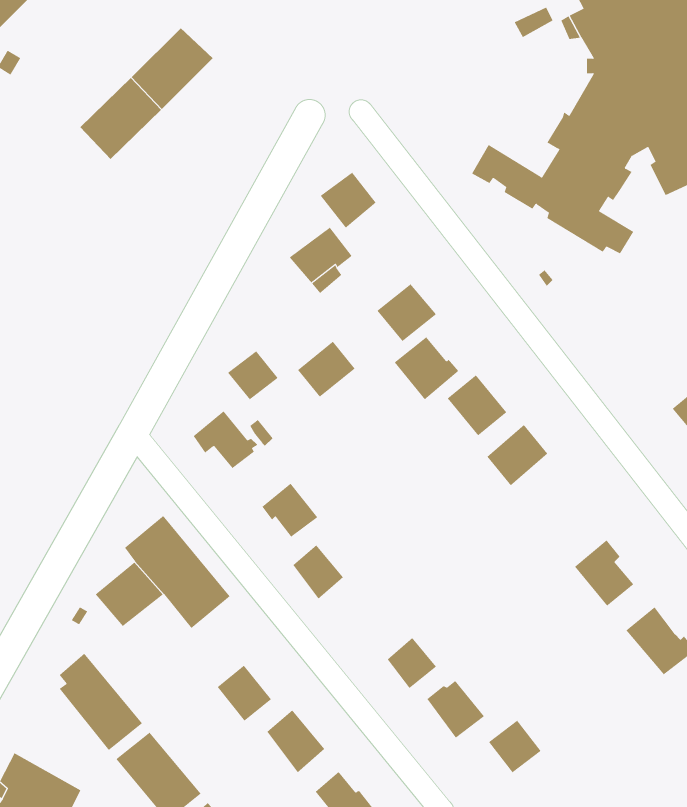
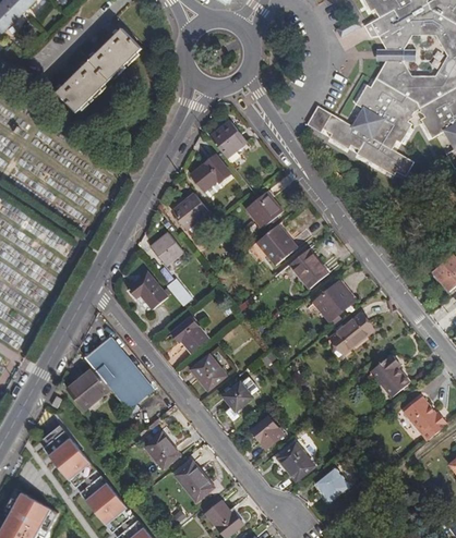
building: [297,341,356,398] -> [172,194,209,230]
building: none -> [331,314,373,359]
building: none -> [224,382,253,412]

